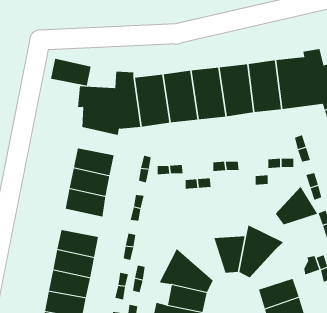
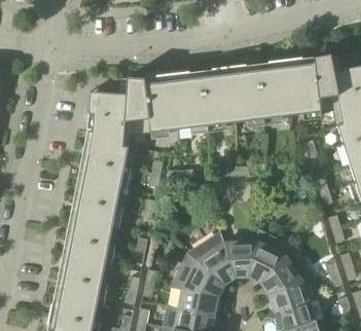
building: [50,58,92,86] -> [88,132,130,159]
building: [275,186,318,225] -> [260,254,303,293]
building: none -> [72,213,114,241]
building: none -> [187,230,236,284]

